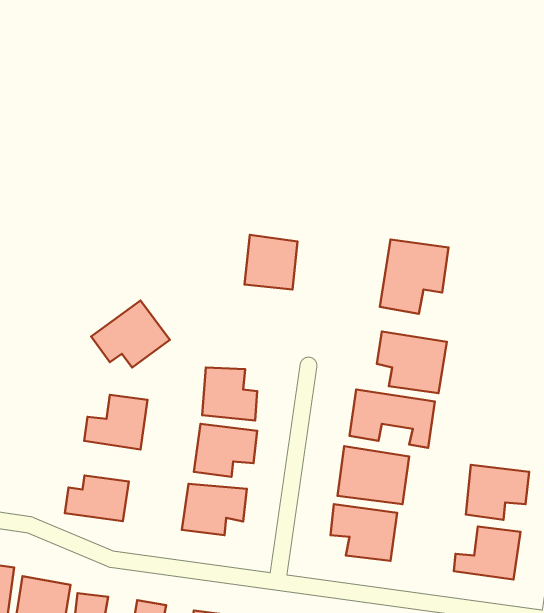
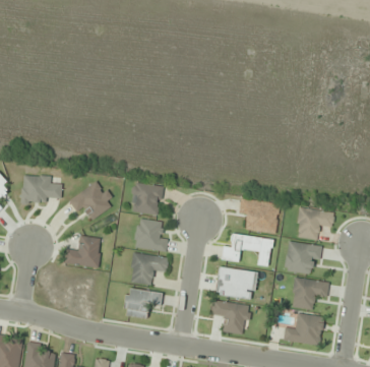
building: [245,235,298,289] -> [130,182,162,215]
building: [380,239,449,314] -> none
building: none -> [21,175,61,203]
building: none -> [295,207,332,239]
building: none -> [284,241,319,273]
building: [65,476,129,521] -> none

